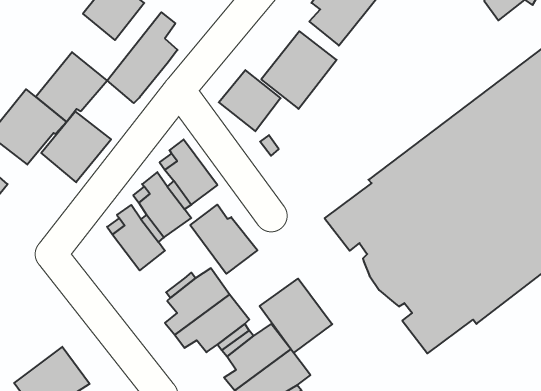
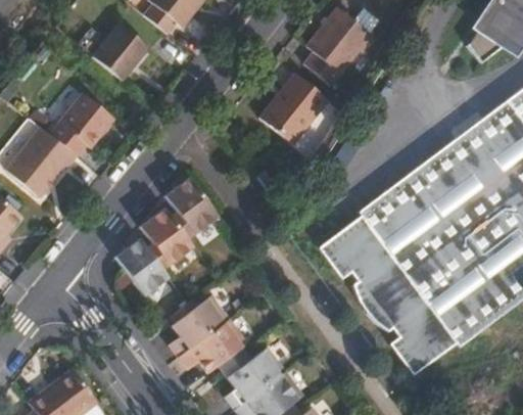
building: [107,12,178,103] -> none
building: [219,70,281,131] -> none
building: [41,112,111,182] -> none
building: [190,205,257,274] -> none
building: [260,279,332,353] -> none

